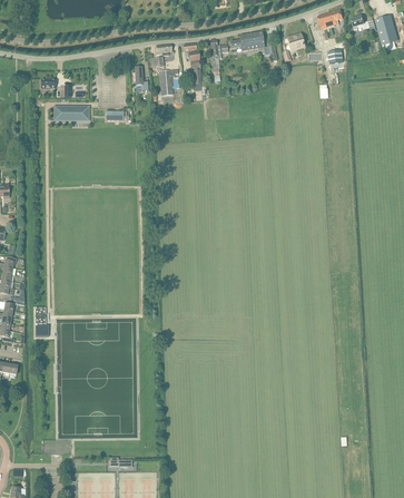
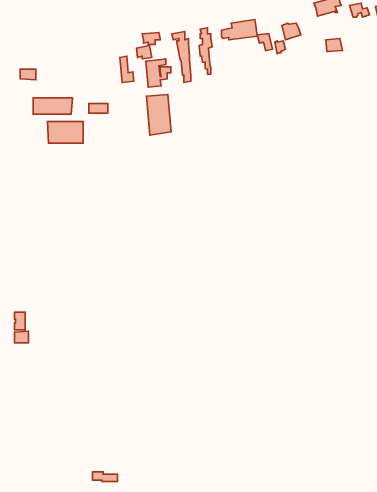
building: none -> [146,94,171,135]
building: none -> [47,122,83,143]

